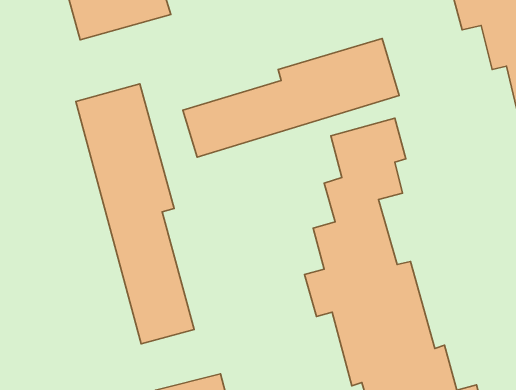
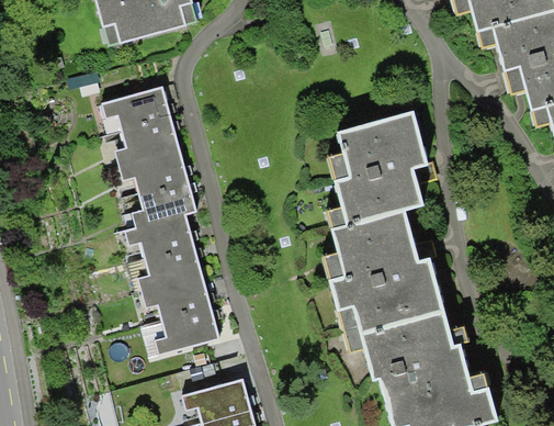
building: [183,38,399,157] -> none

